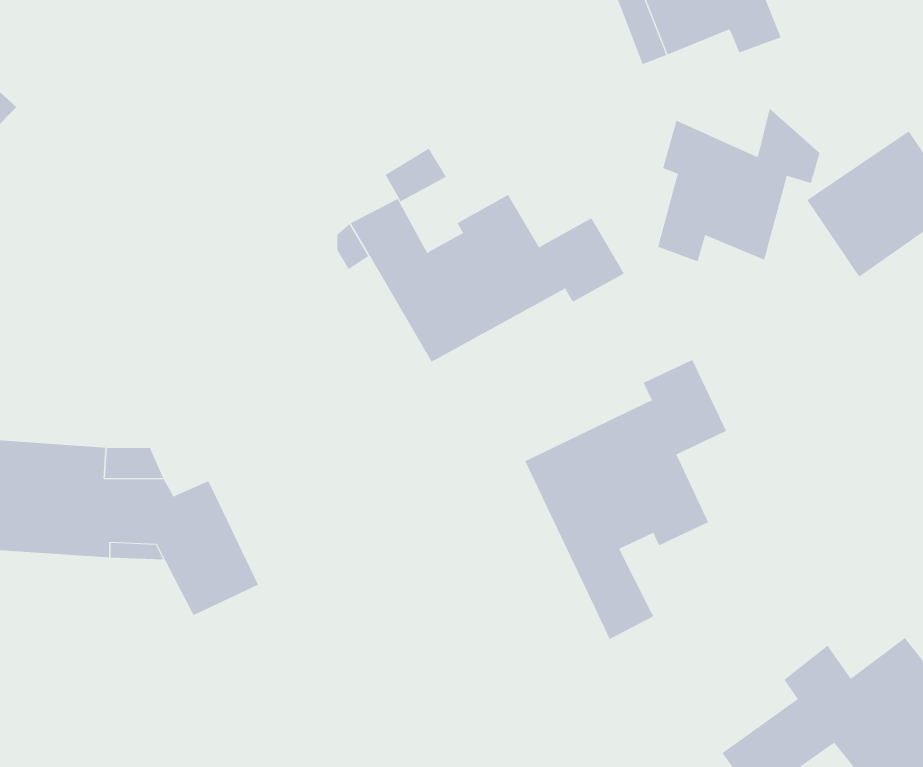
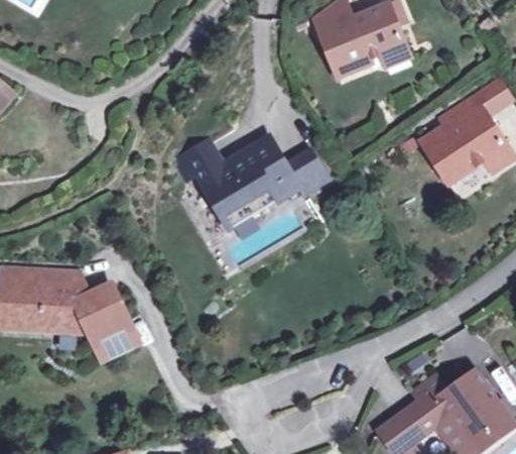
building: [657,108,820,262] -> none
building: [524,359,727,640] -> none

